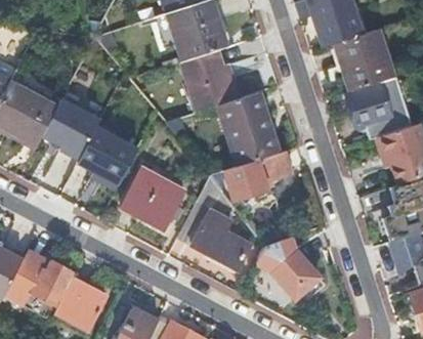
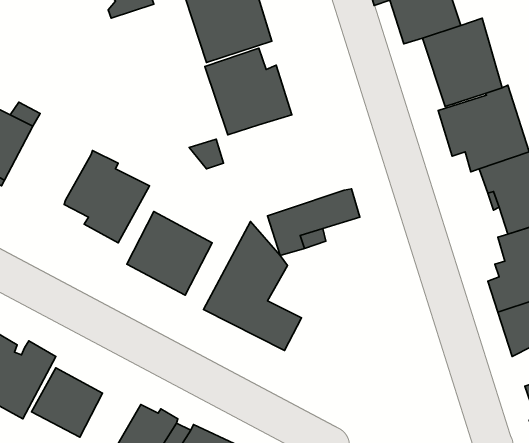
building: [217,92,279,167] -> none
building: [42,99,99,160] -> none
building: [258,237,319,298] -> none

